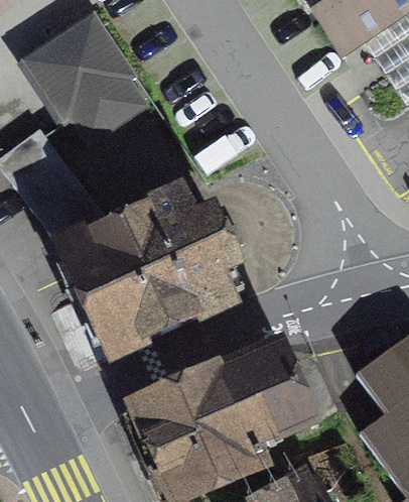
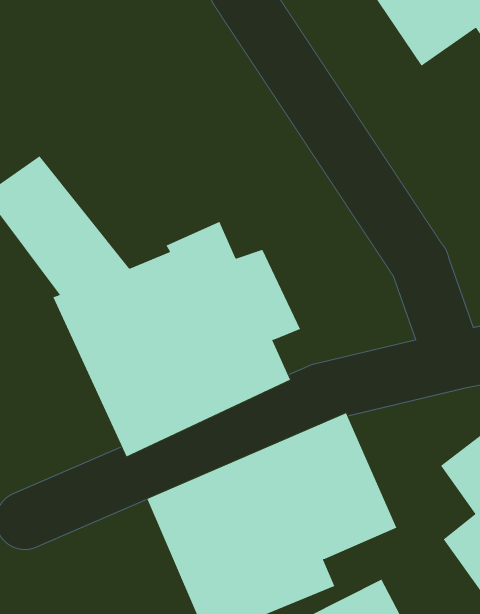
building: [16,12,151,147] -> none

